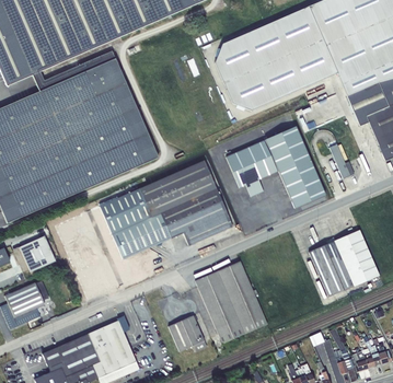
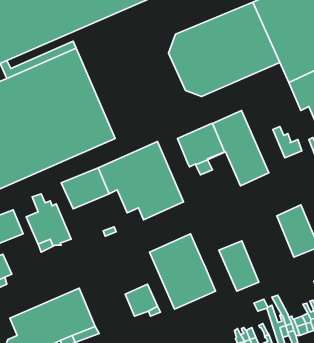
building: [112,212,171,259] -> none
building: [309,241,352,295] -> [219,241,259,291]

